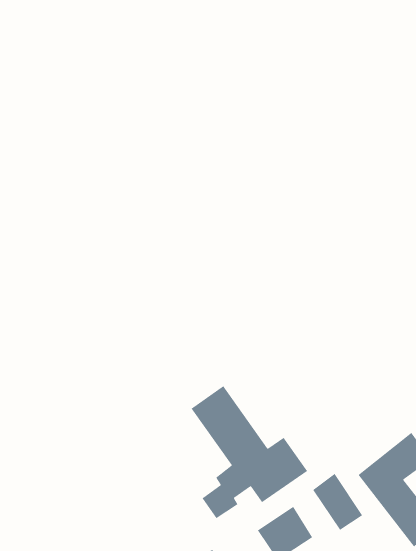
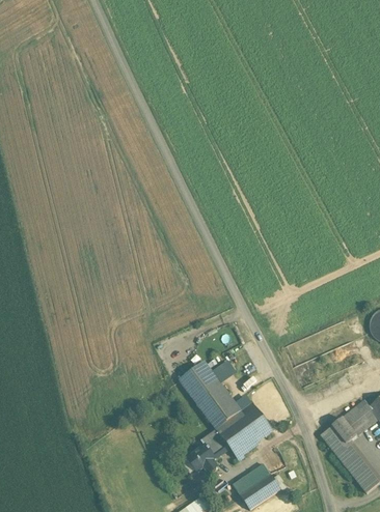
building: [312,473,363,531] -> none

